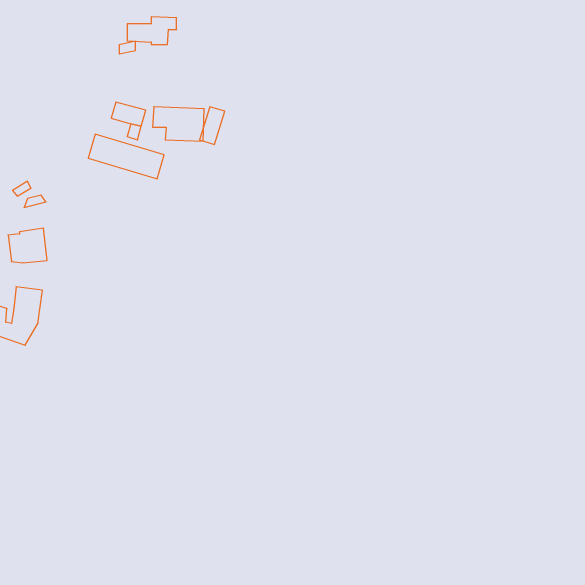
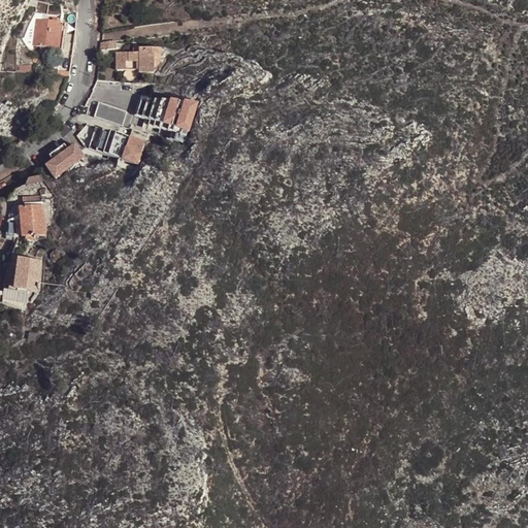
building: [127,17,177,44] -> [113,47,158,72]
building: none -> [21,18,62,48]
building: none -> [46,140,88,176]

